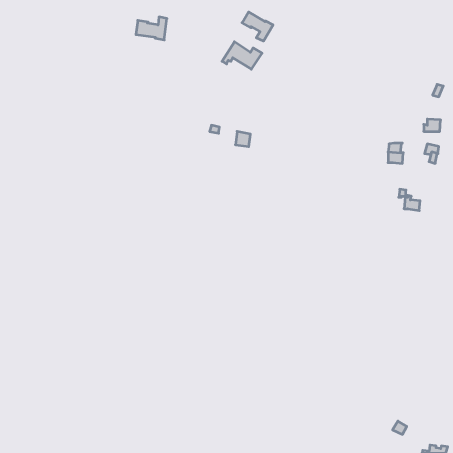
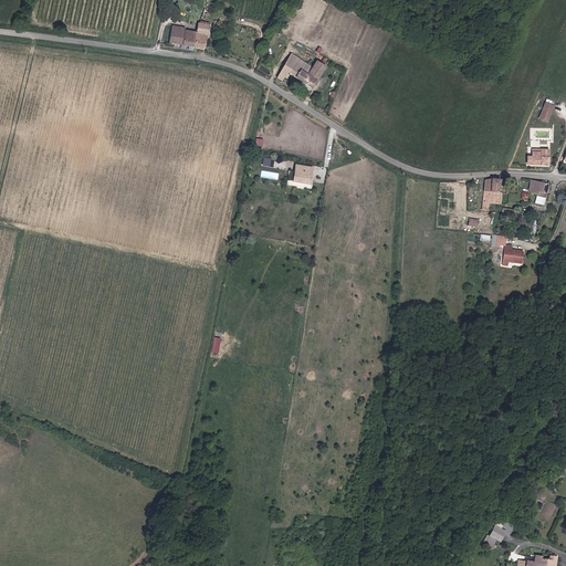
building: [242,12,273,41] -> none

